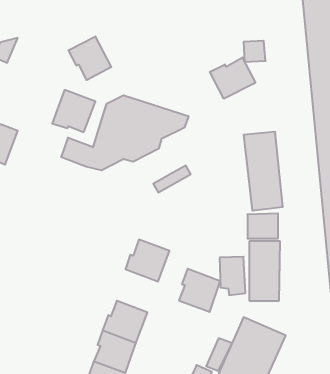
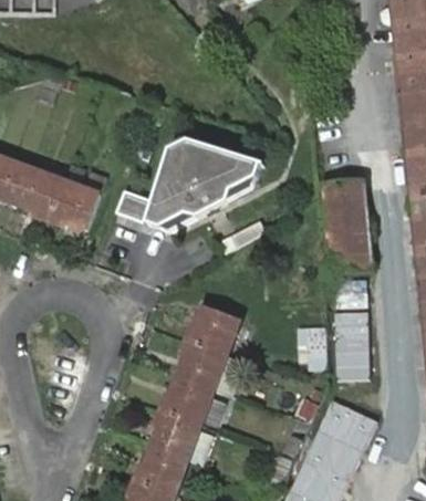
building: [68,36,111,80] -> none
building: [210,57,255,99] -> none
building: [52,90,95,132] -> [51,180,101,229]
building: [179,269,220,312] -> [179,340,227,389]

